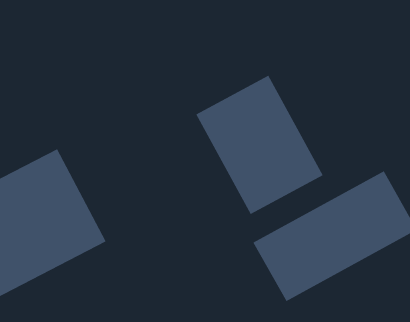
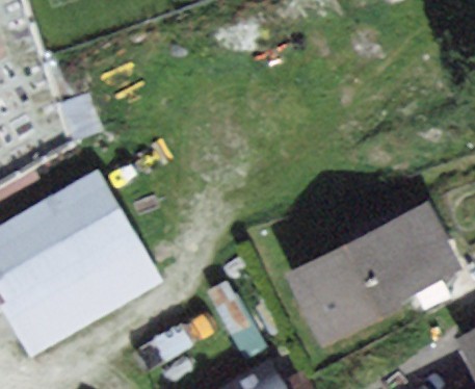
building: [195,75,323,215] -> none

